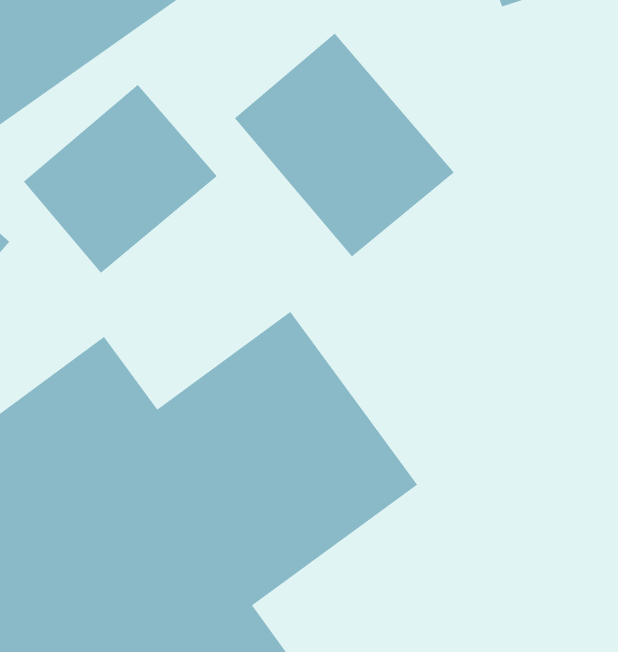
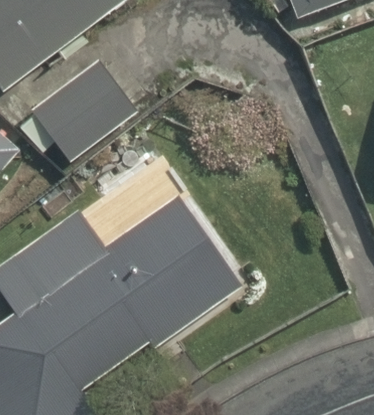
building: [234,33,455,258] -> none

